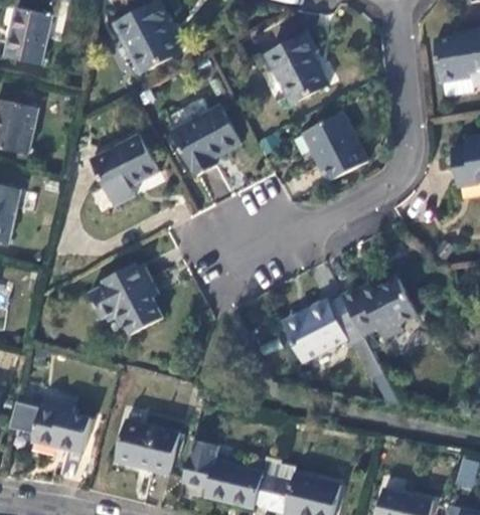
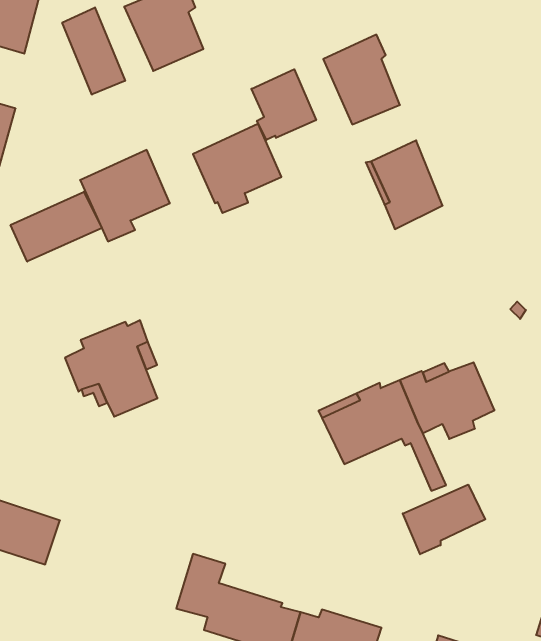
building: none -> [62,7,125,95]
building: none -> [251,69,316,140]
building: none -> [11,192,102,262]
building: none -> [403,485,485,554]
building: [116,420,177,474] -> none

